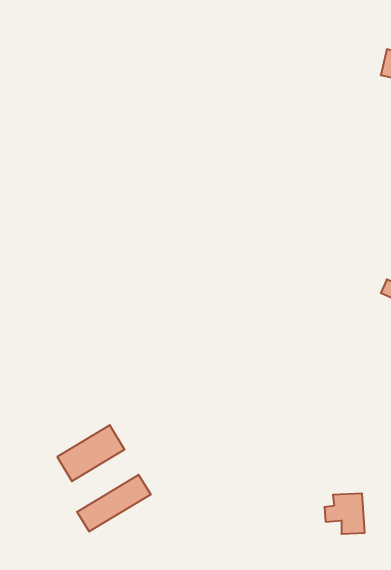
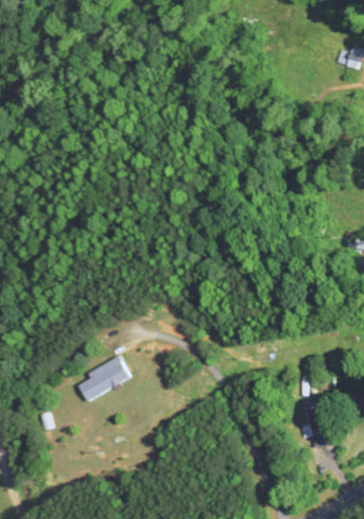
building: [77,475,151,532] -> none

